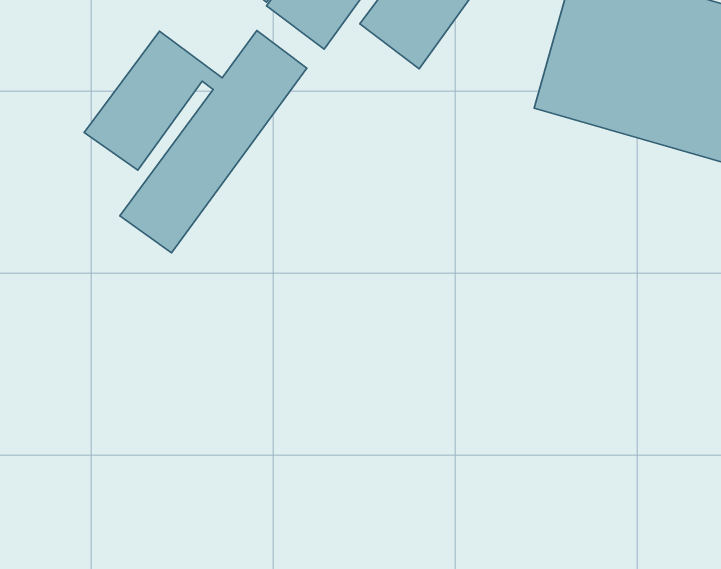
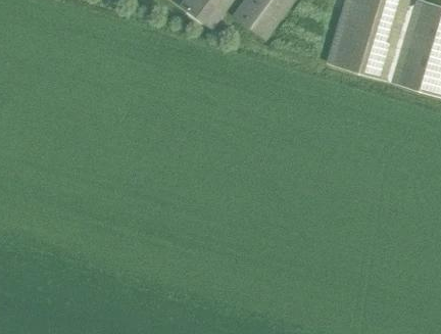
building: [84,30,307,253] -> none

